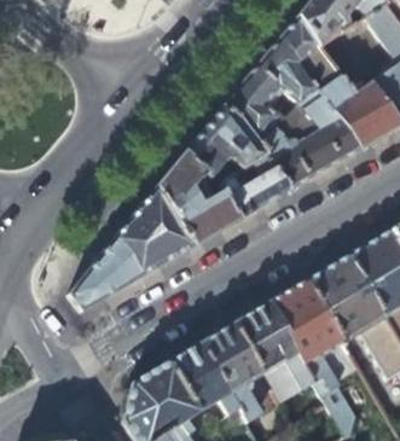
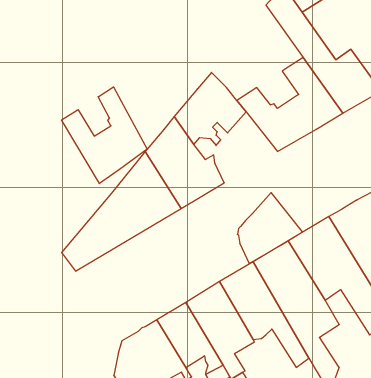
building: [226,35,321,134] -> none
building: none -> [62,87,147,184]
building: [227,146,295,220] -> [237,193,302,263]

